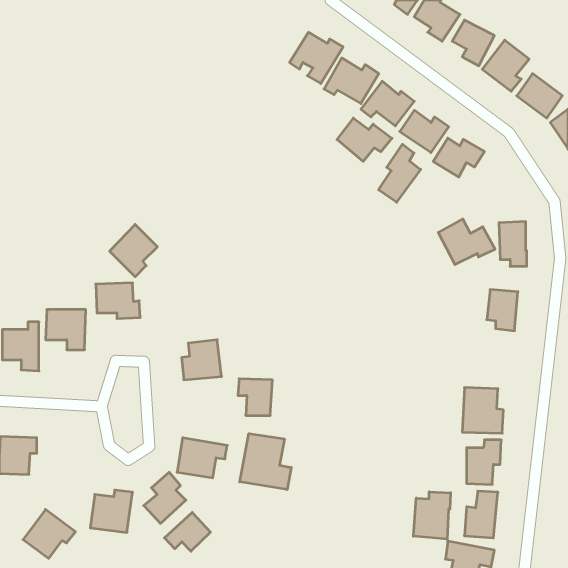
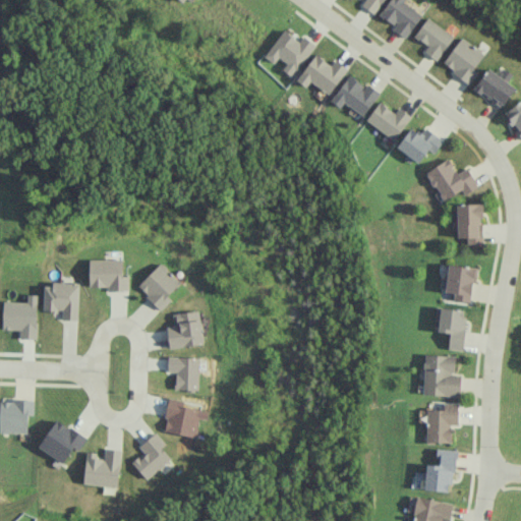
building: [337,118,392,161] -> none
building: [379,144,421,202] -> none
building: [438,219,495,265] -> [425,160,477,201]
building: [110,224,157,277] -> [136,263,180,310]
building: none -> [433,308,465,351]
building: [238,379,272,415] -> [167,357,198,391]
building: [240,434,291,490] -> none
building: [413,492,451,539] -> none
building: [23,509,75,558] -> [38,419,85,464]
building: [164,512,210,551] -> none

